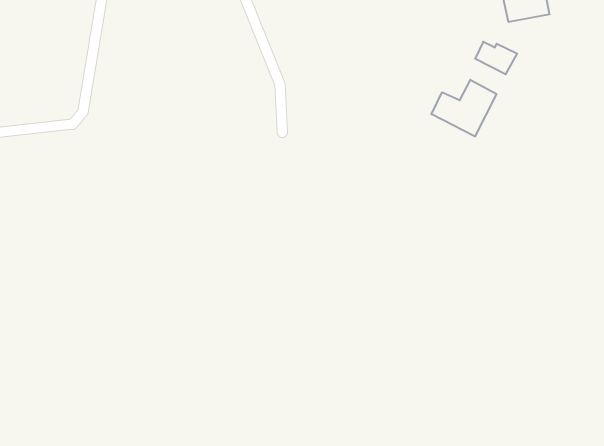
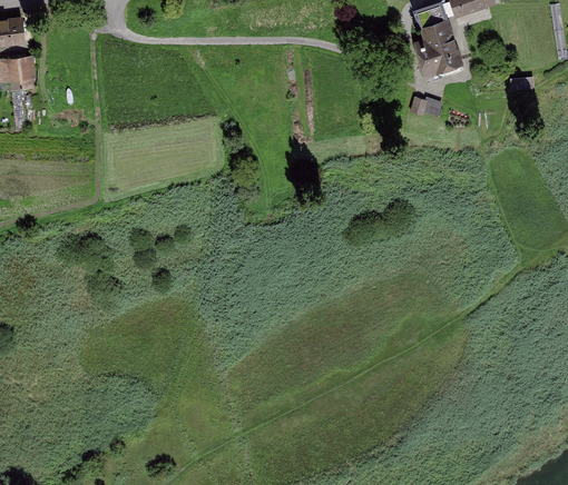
building: [431,80,496,137] -> none

